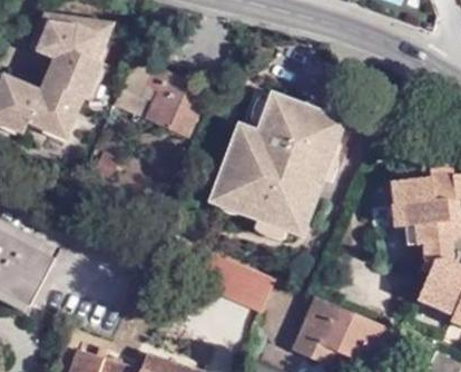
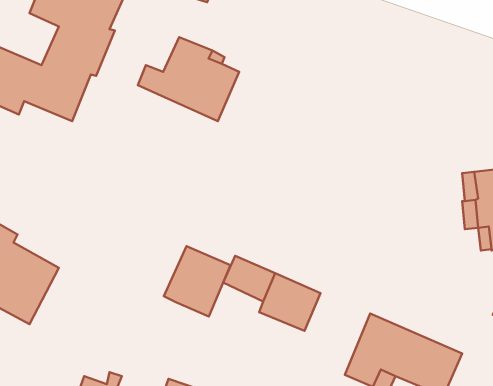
building: [216,96,341,228] -> none
building: none -> [164,246,230,316]

